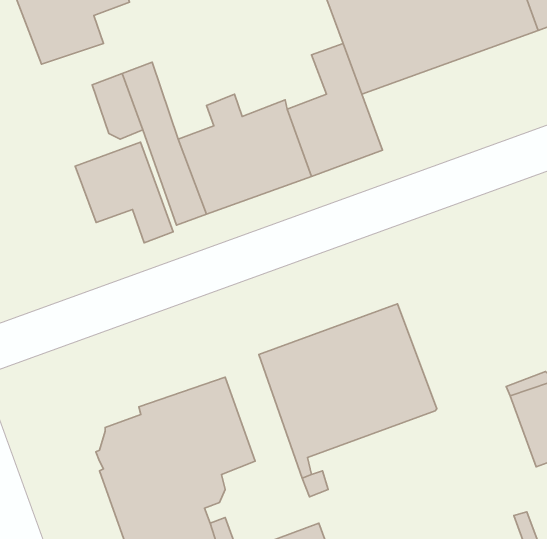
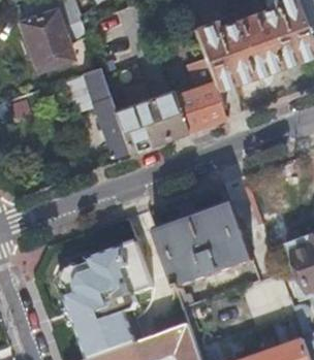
building: [75,142,173,243] -> none

